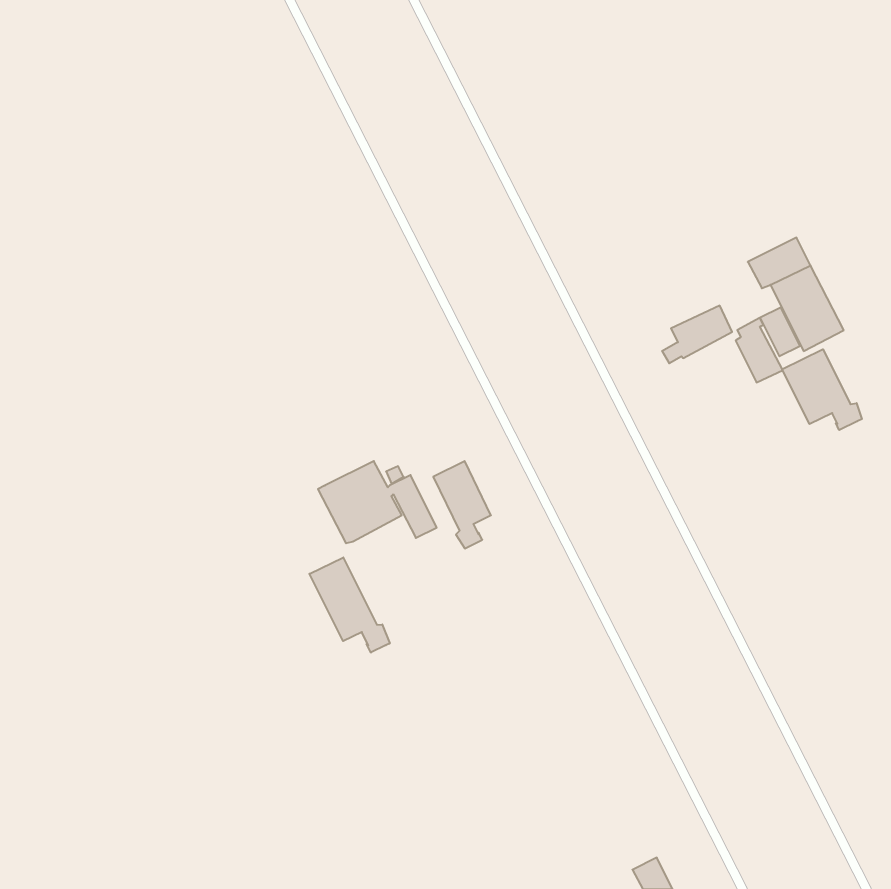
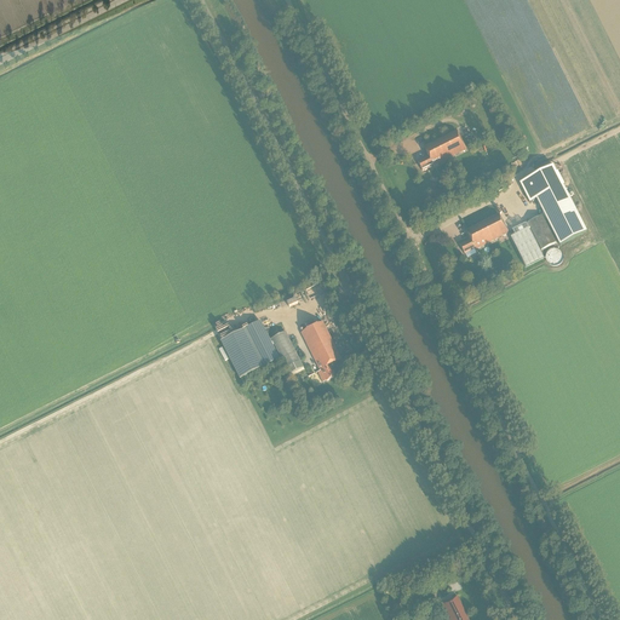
building: none -> [417,128,465,168]
building: [782,349,862,430] -> none
building: [309,557,390,653] -> none

